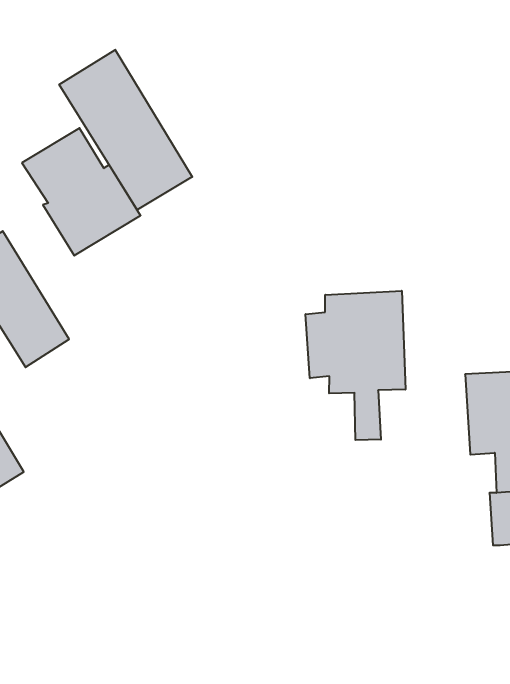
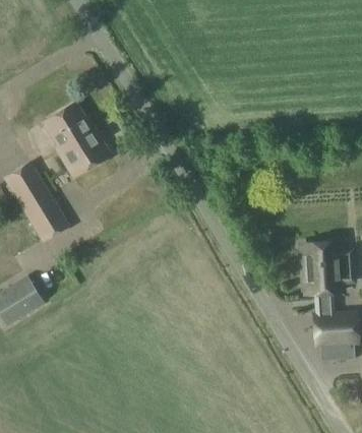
building: [59,50,192,210] -> none
building: [306,291,405,440] -> none

